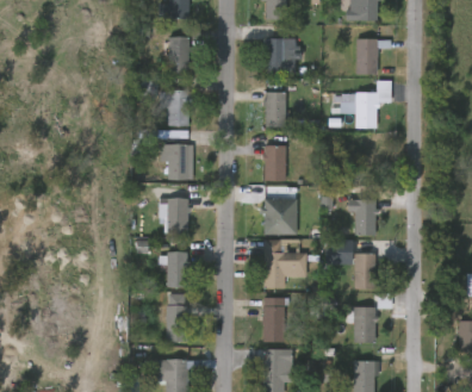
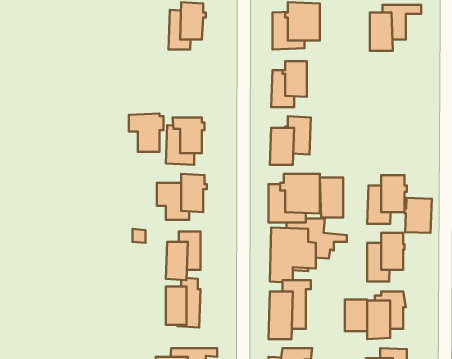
building: [336,77,397,125] -> none
building: [162,89,194,125] -> [129,113,163,152]
building: none -> [320,177,343,217]
building: none -> [404,198,432,233]
building: none -> [345,299,367,331]

